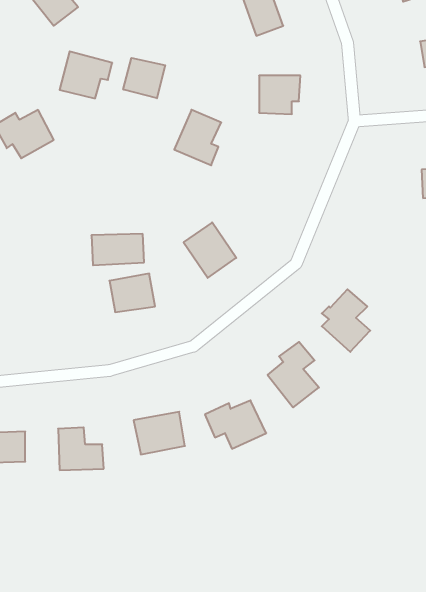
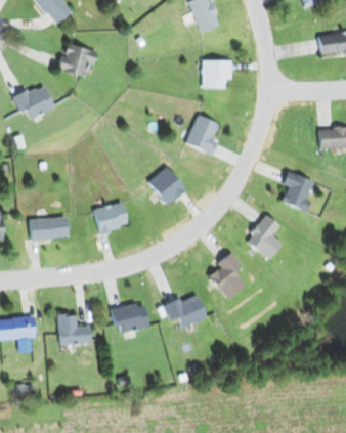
building: [123,58,165,98] -> none
building: [174,110,221,165] -> [186,115,220,155]
building: none -> [282,171,313,211]
building: [91,234,144,265] -> [31,217,69,240]

